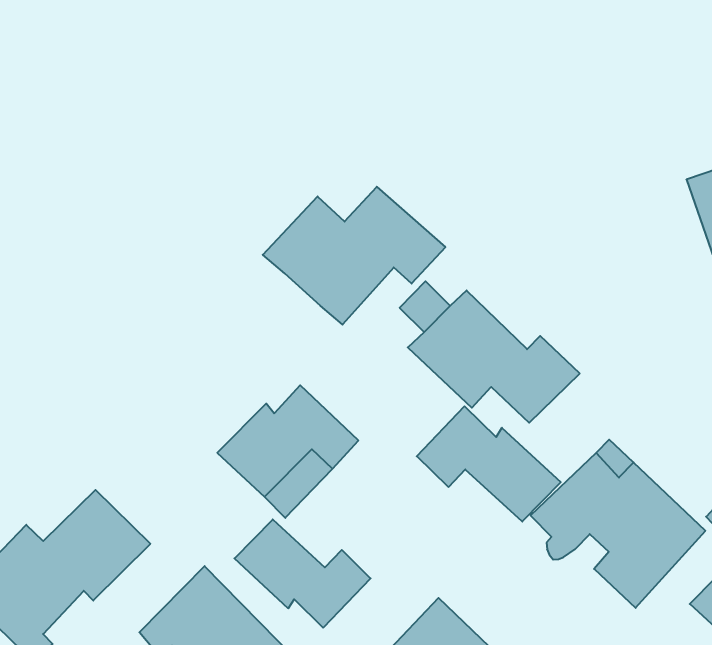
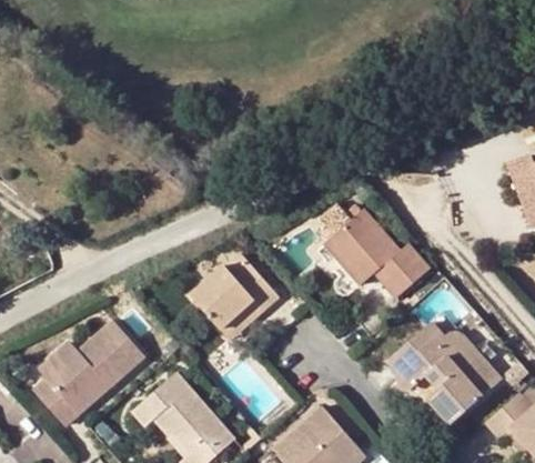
building: [263,187,445,325] -> none
building: [417,406,561,522] -> none
building: [234,519,371,628] -> none

